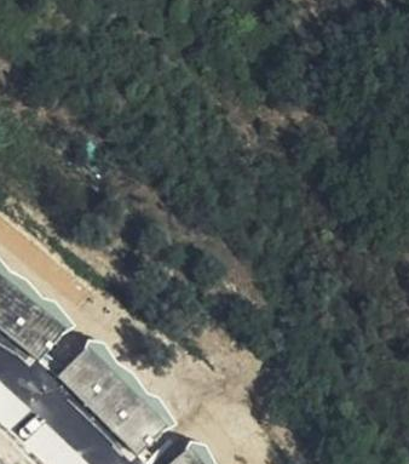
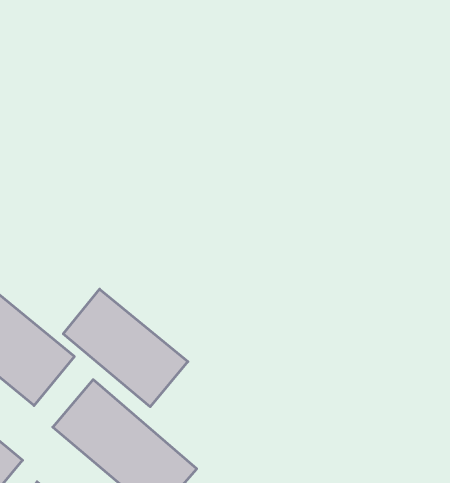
building: none -> [63,289,188,407]

